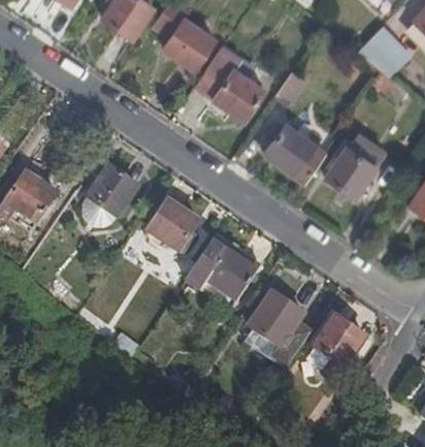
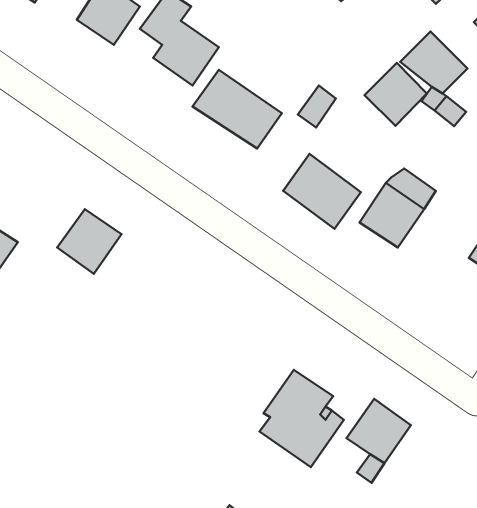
building: none -> [365,63,427,126]
building: [148,200,198,250] -> none
building: [186,234,260,308] -> none

